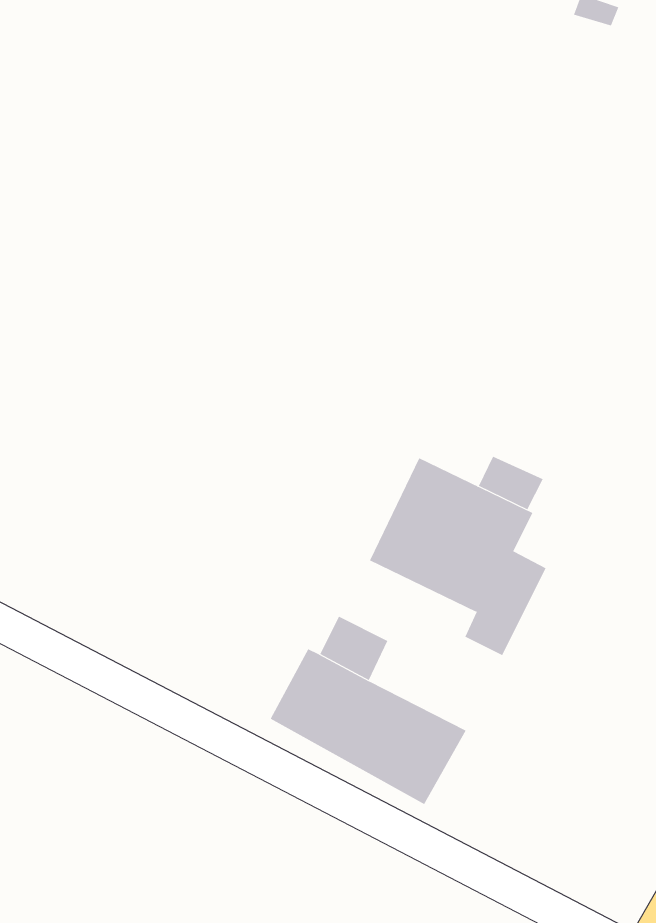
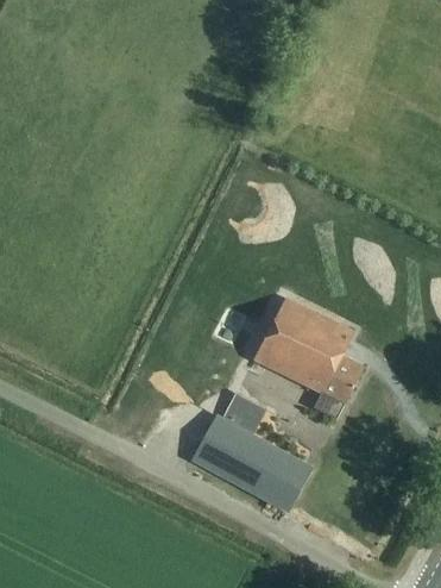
building: [478,456,544,510] -> none

